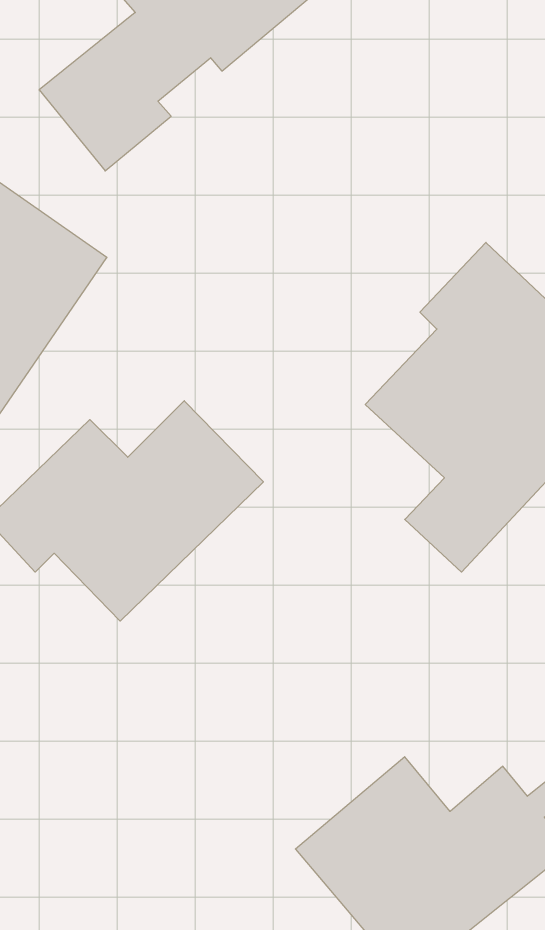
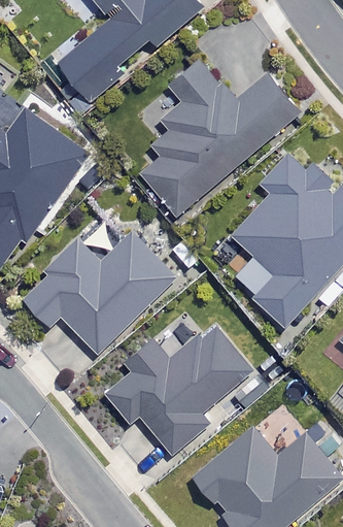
building: none -> [140,59,298,213]
building: none -> [105,324,252,457]

